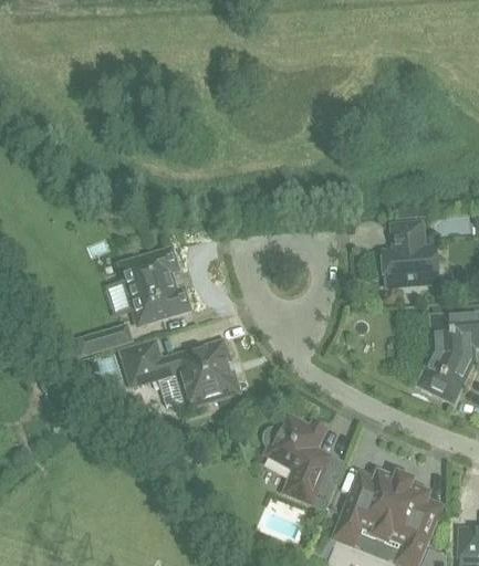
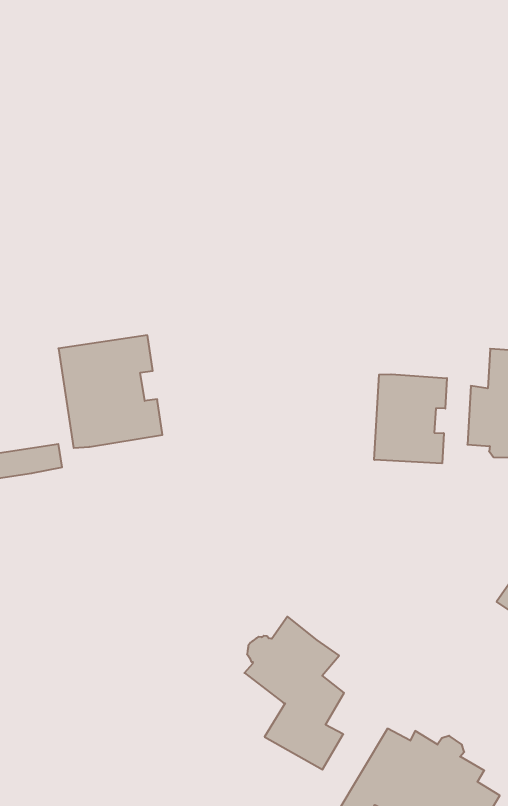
building: none -> [374,374,447,463]
building: [122,340,239,406] -> none

